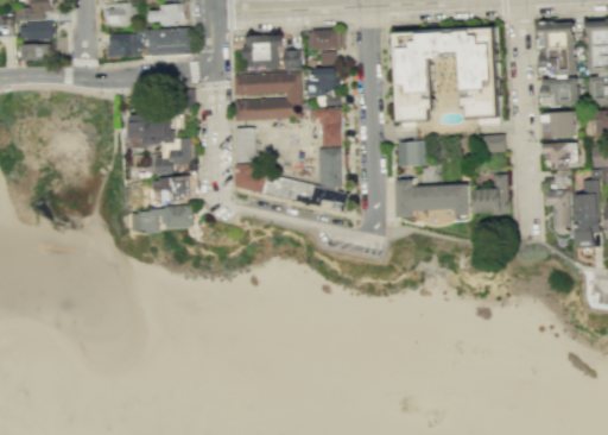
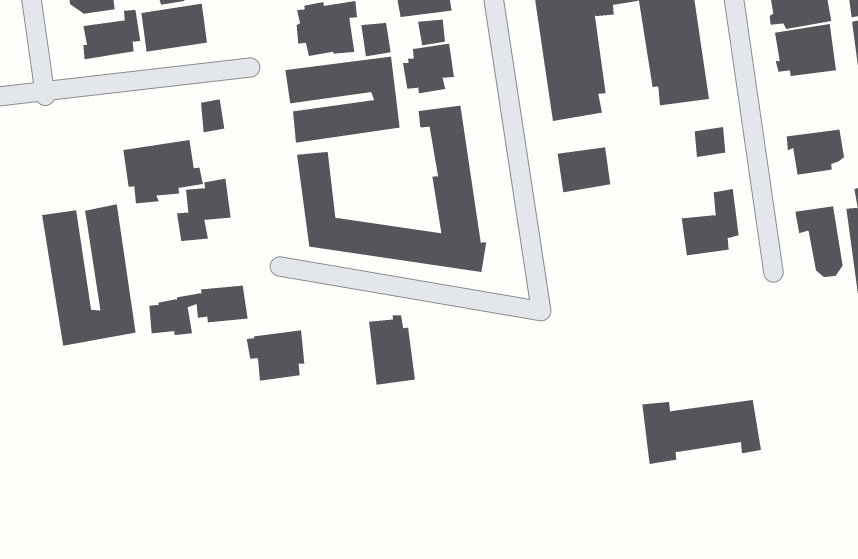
building: [540,112,575,138] -> none
building: none -> [41,203,136,346]
building: [158,176,194,206] -> [246,330,305,381]
building: [398,179,470,218] -> [641,400,762,464]
building: none -> [369,315,416,386]

